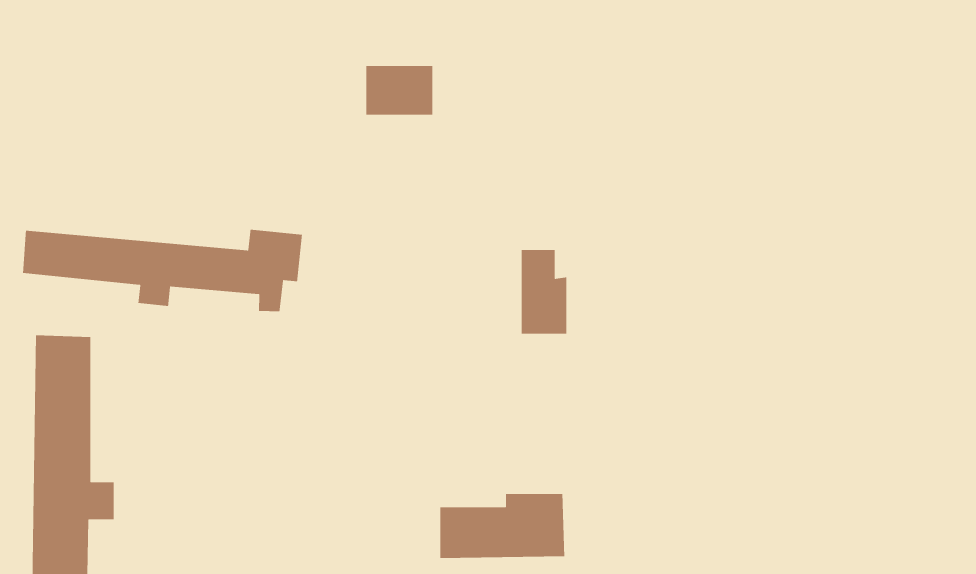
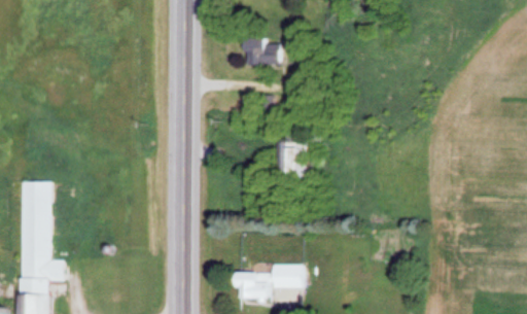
building: [366,65,433,116] -> [244,39,280,66]
building: [22,229,303,312] -> none

